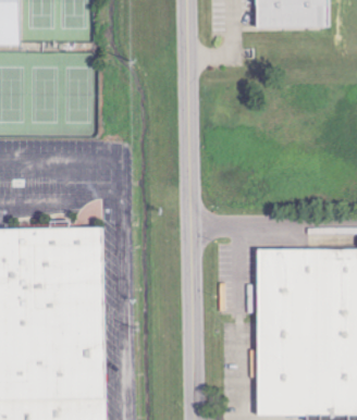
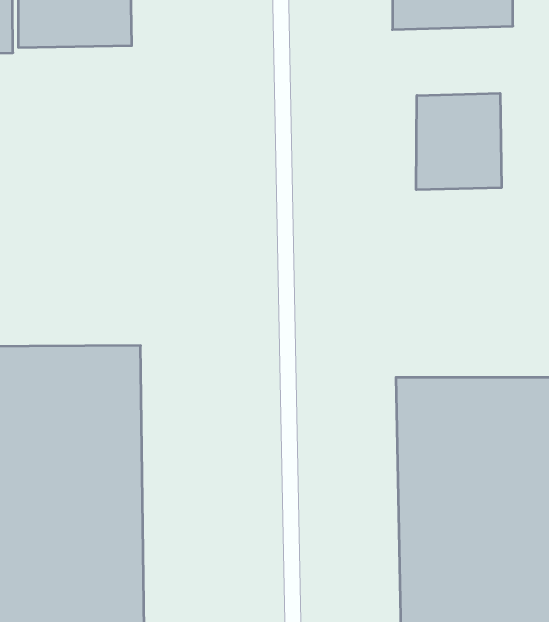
building: none -> [416,93,501,190]

